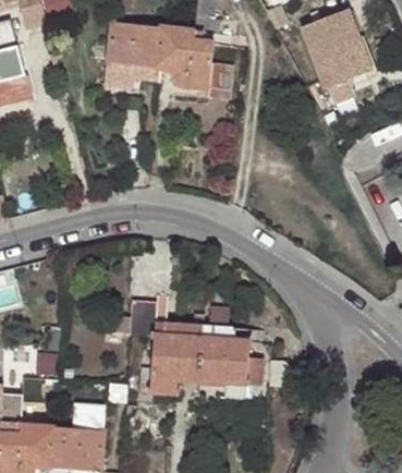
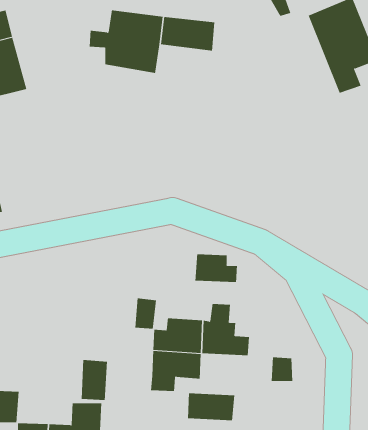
building: [156,54,234,98] -> none
building: none -> [195,253,237,283]
building: [199,356,246,384] -> [187,393,235,421]
building: none -> [81,359,107,401]

